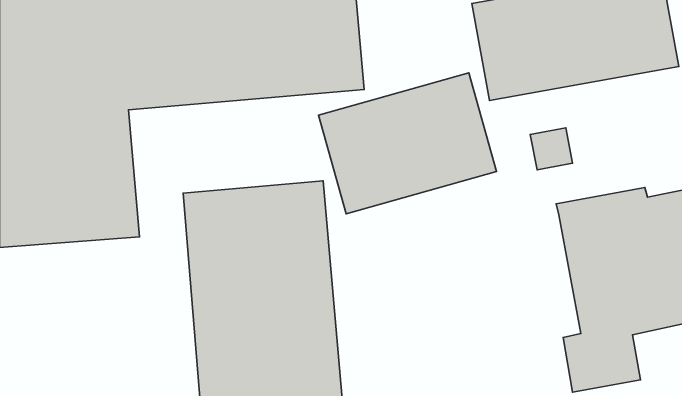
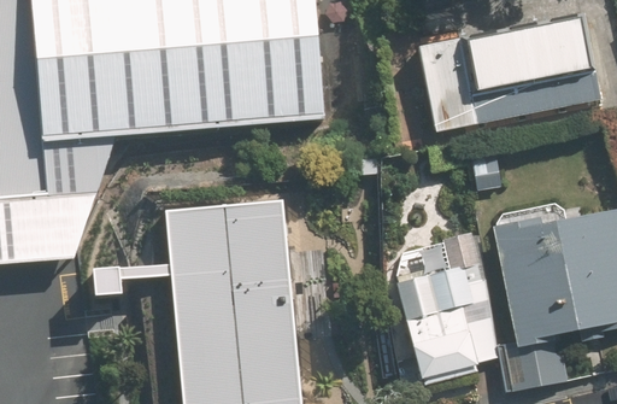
building: [319,73,496,214] -> none
building: none -> [395,232,499,376]

